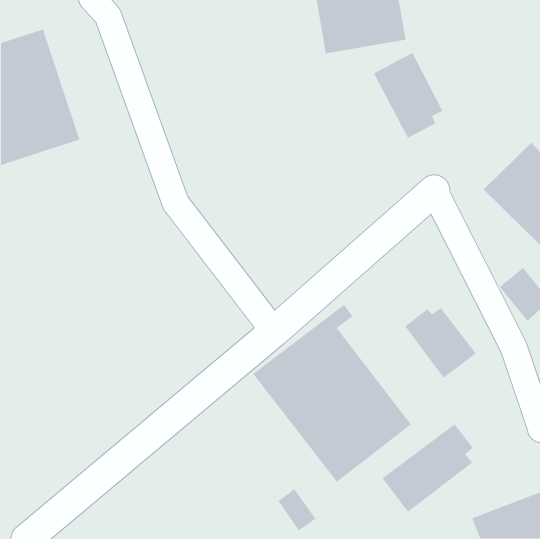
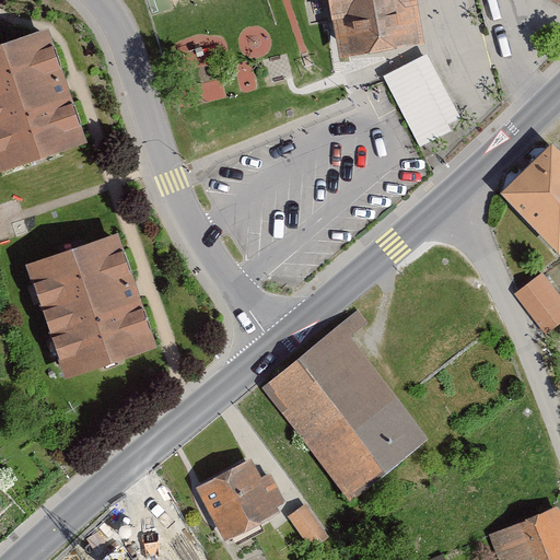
building: none -> [26,235,153,377]
building: [404,307,477,379] -> none
building: [382,423,474,513] -> none
building: none -> [195,458,283,541]

